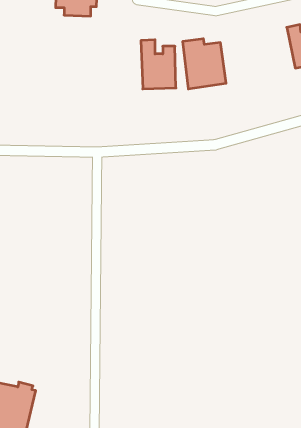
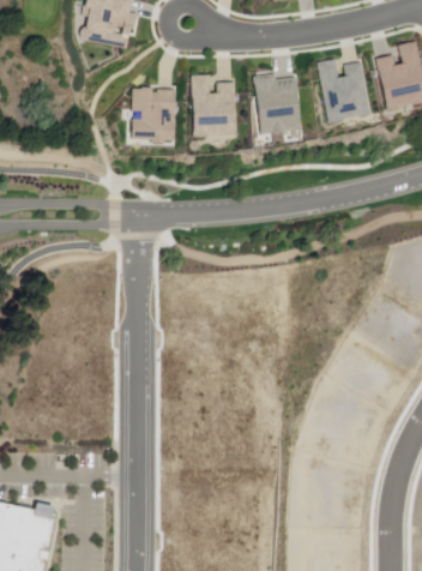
building: none -> [319,56,372,120]
building: none -> [123,86,174,144]

